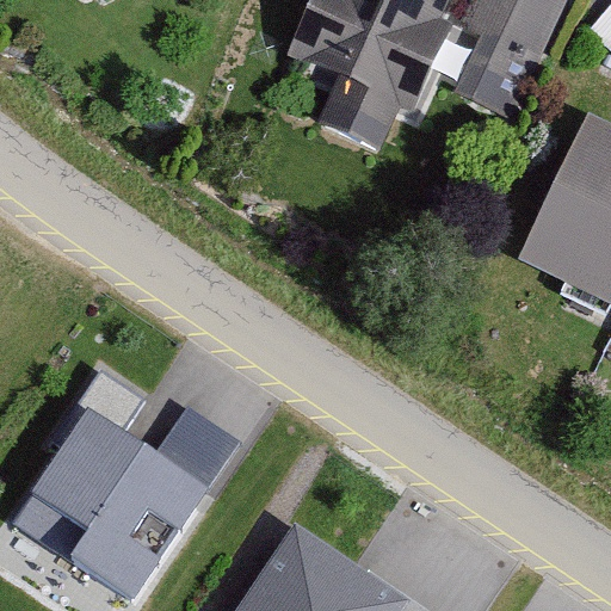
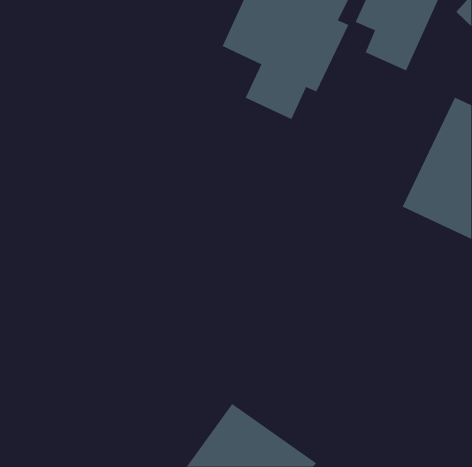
building: [17,406,208,593] -> none

